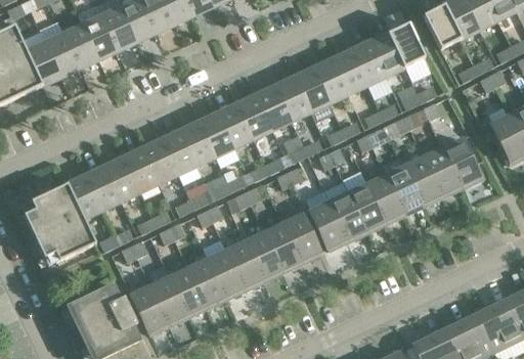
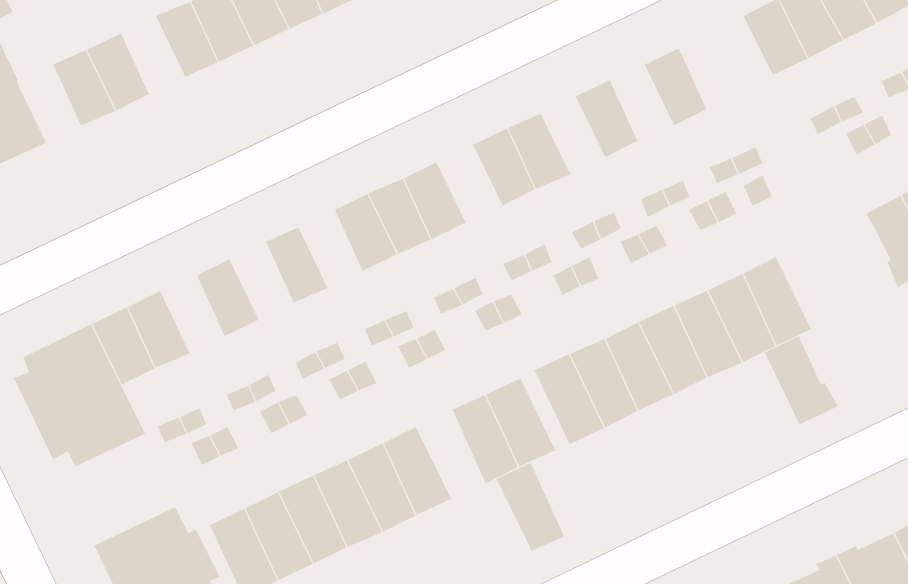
building: [83,15,118,58] -> none
building: [389,24,425,66] -> none
building: [26,42,60,85] -> none
building: [351,42,386,84] -> none
building: [313,59,348,102] -> none
building: [256,86,292,129] -> none
building: [180,122,215,165] -> none
building: [442,138,483,187] -> [764,336,838,425]
building: [142,139,177,182] -> none
building: [104,158,139,200] -> none
building: [245,231,282,280] -> [496,462,565,552]

